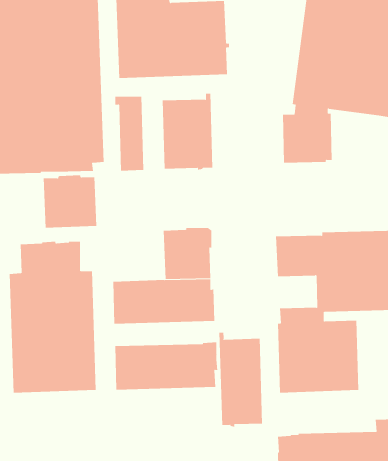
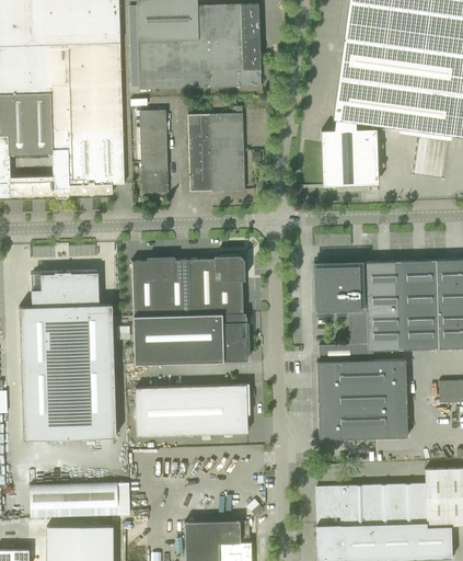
building: [43,175,97,228] -> [131,257,192,317]
building: [219,332,263,427] -> none
building: none -> [30,483,118,511]

